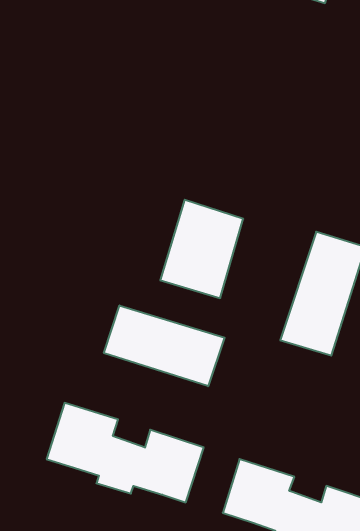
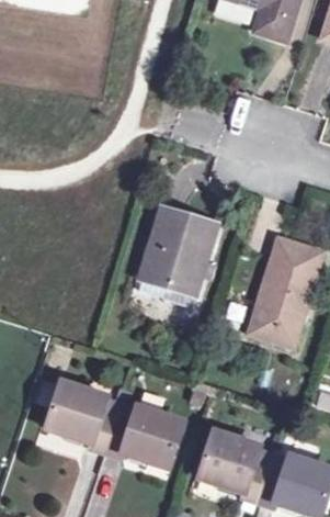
building: [104,305,225,386] -> none

